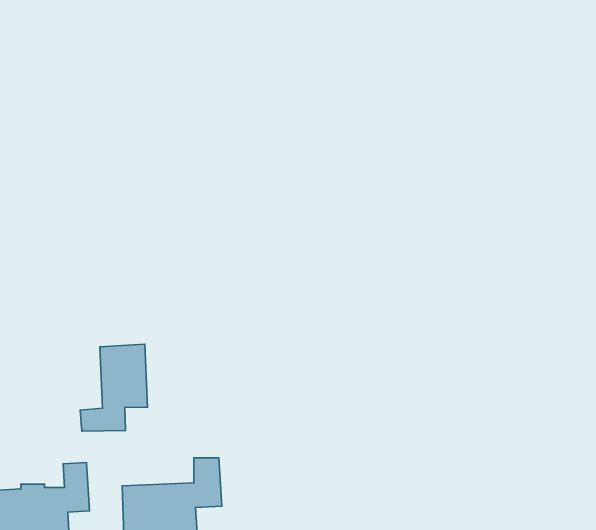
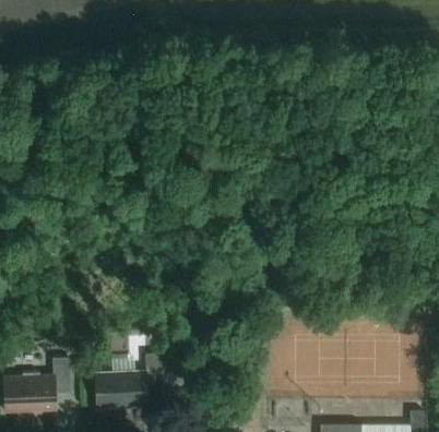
building: [80,344,147,431] -> none

